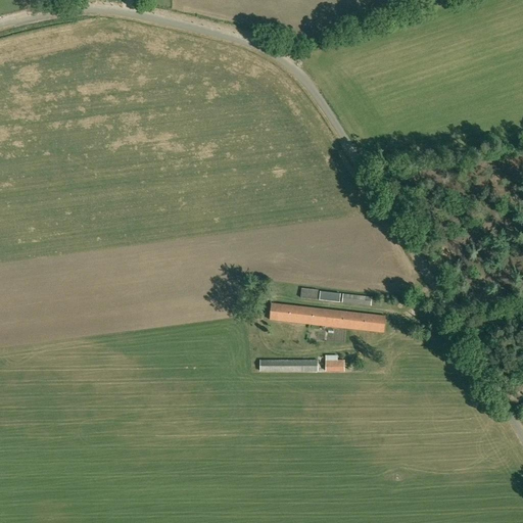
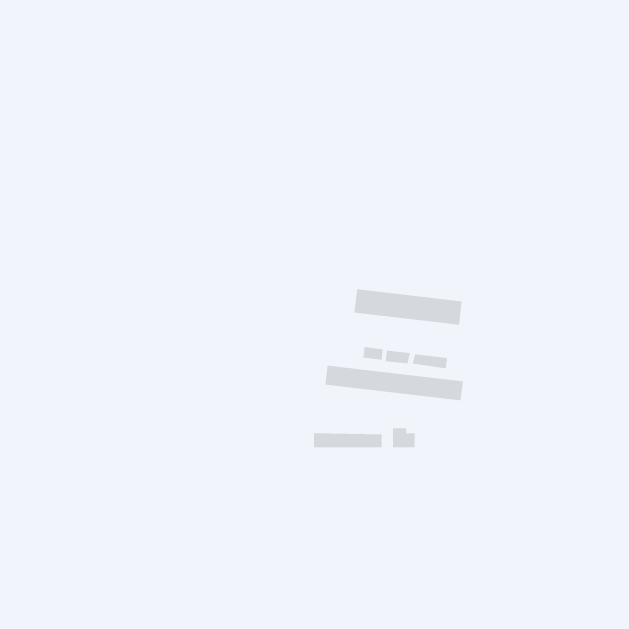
building: none -> [354,288,462,325]

